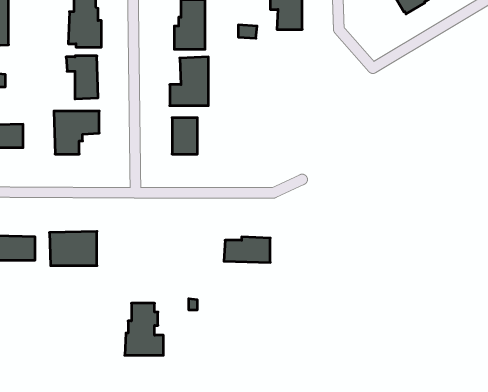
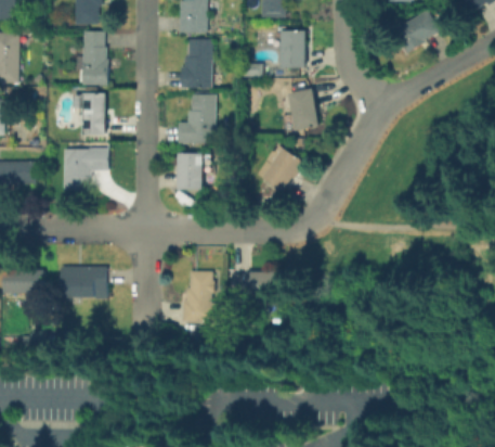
building: none -> [283,81,322,132]
building: none -> [256,145,307,192]
building: [125,303,163,355] -> [182,271,220,322]

